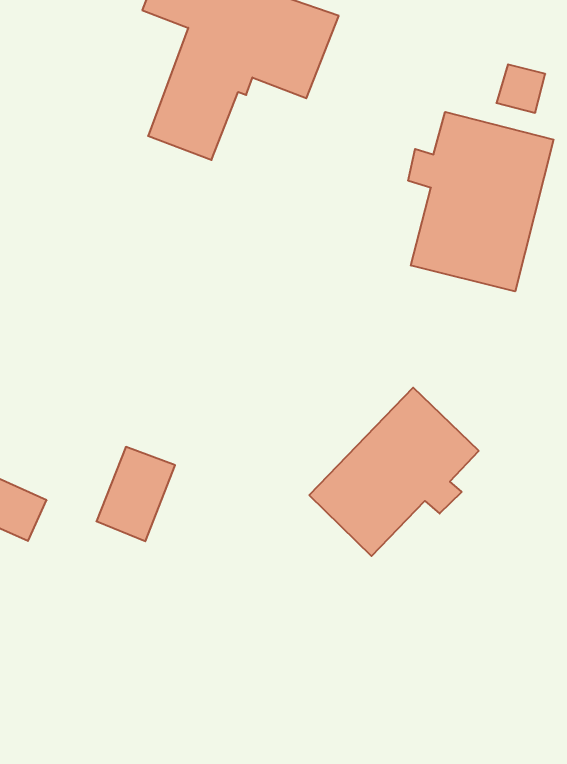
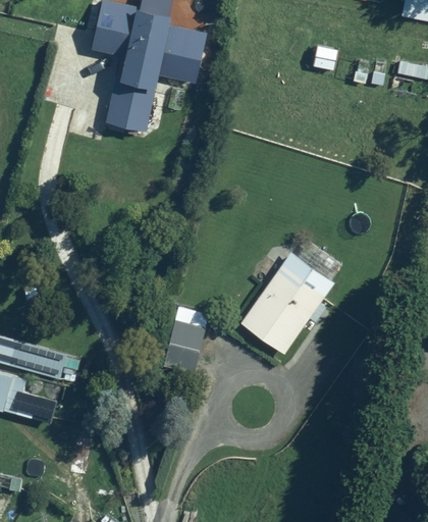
building: [408,112,554,291] -> none
building: [96,447,175,541] -> [163,320,205,375]

